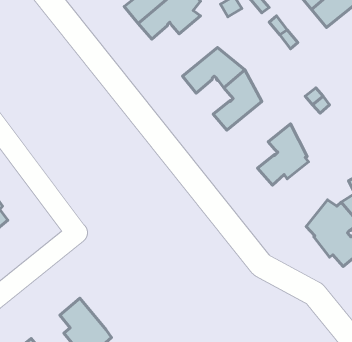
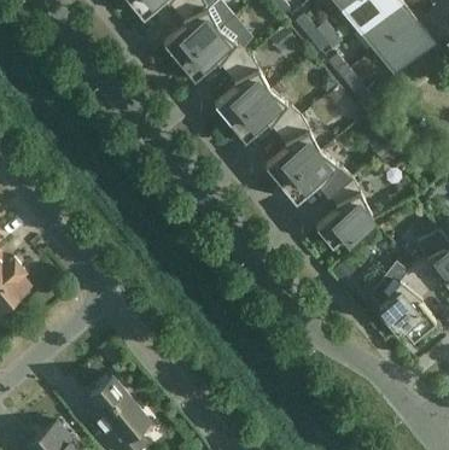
building: none -> [214,54,269,123]
building: none -> [280,152,352,204]

